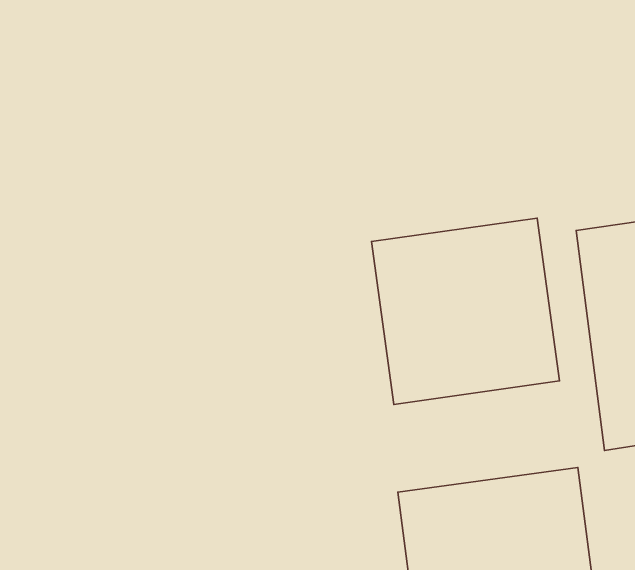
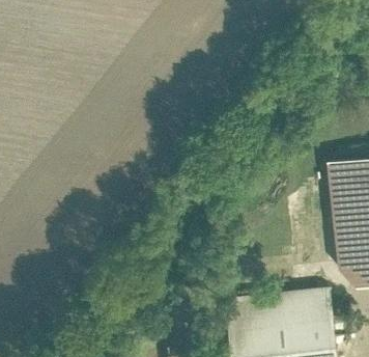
building: [372,218,559,404] -> none

